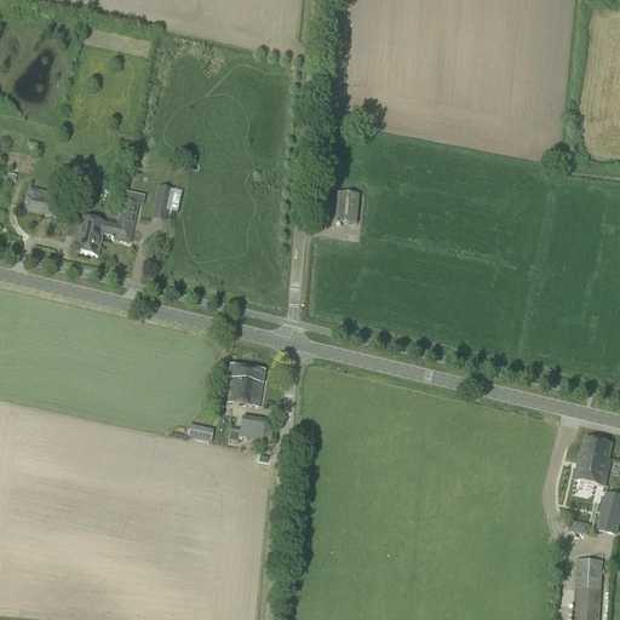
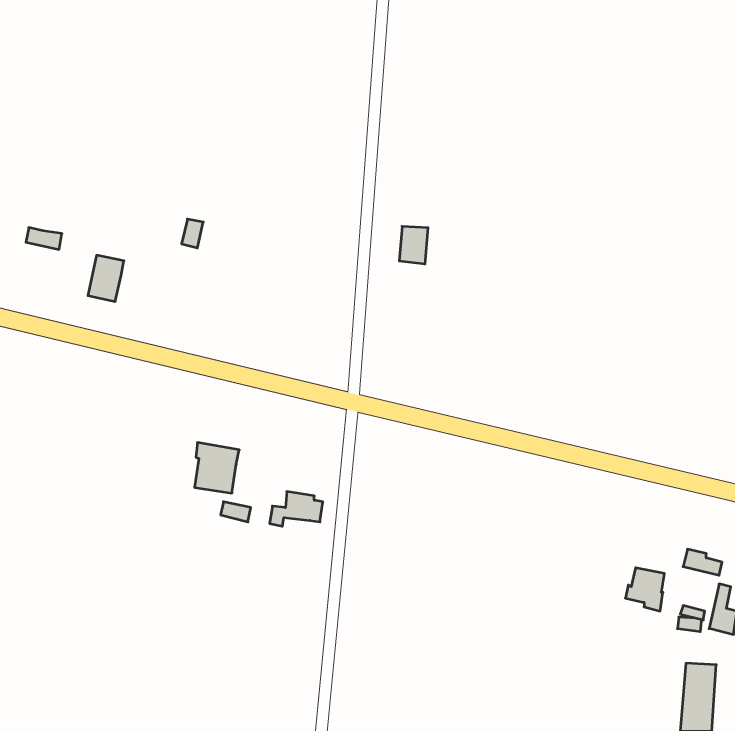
building: [103,197,139,241] -> none
building: [228,362,265,404] -> [195,443,239,493]
building: [579,436,612,472] -> [625,568,664,611]

